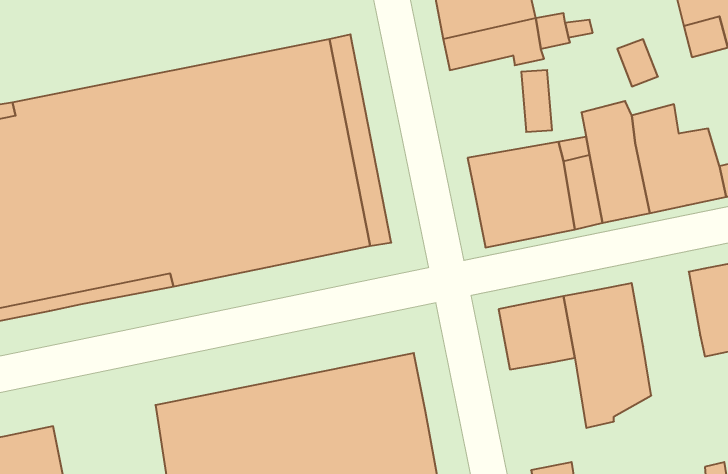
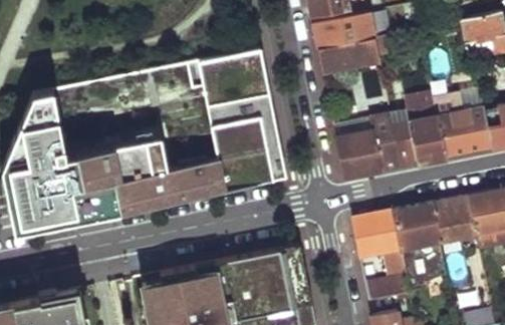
building: none -> [435,197,477,243]
building: none -> [365,250,408,303]

